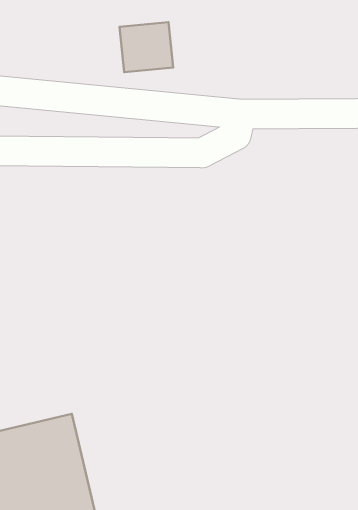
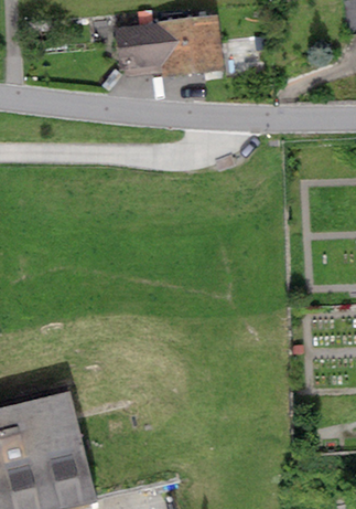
building: none -> [162,13,222,72]

